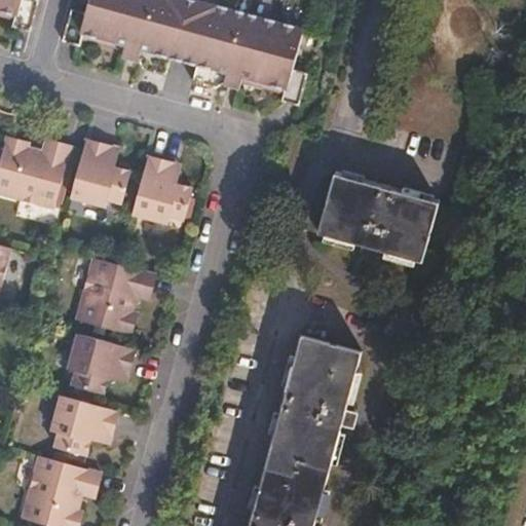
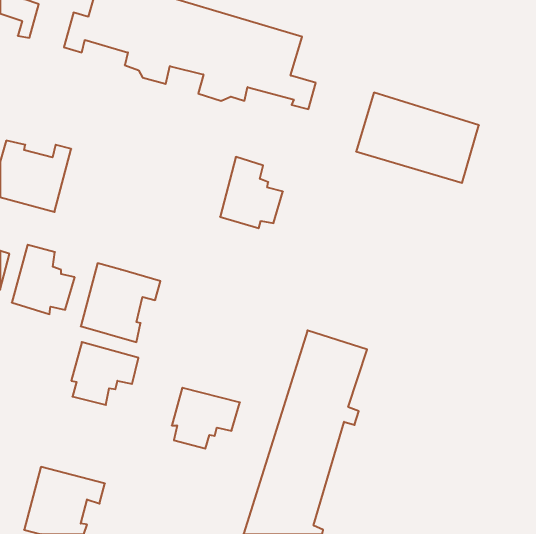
building: [72,139,134,206] -> [12,245,75,314]
building: [133,154,194,224] -> [220,157,283,228]
building: [317,163,438,252] -> [356,93,479,183]
building: [52,398,119,457] -> [172,388,240,449]

